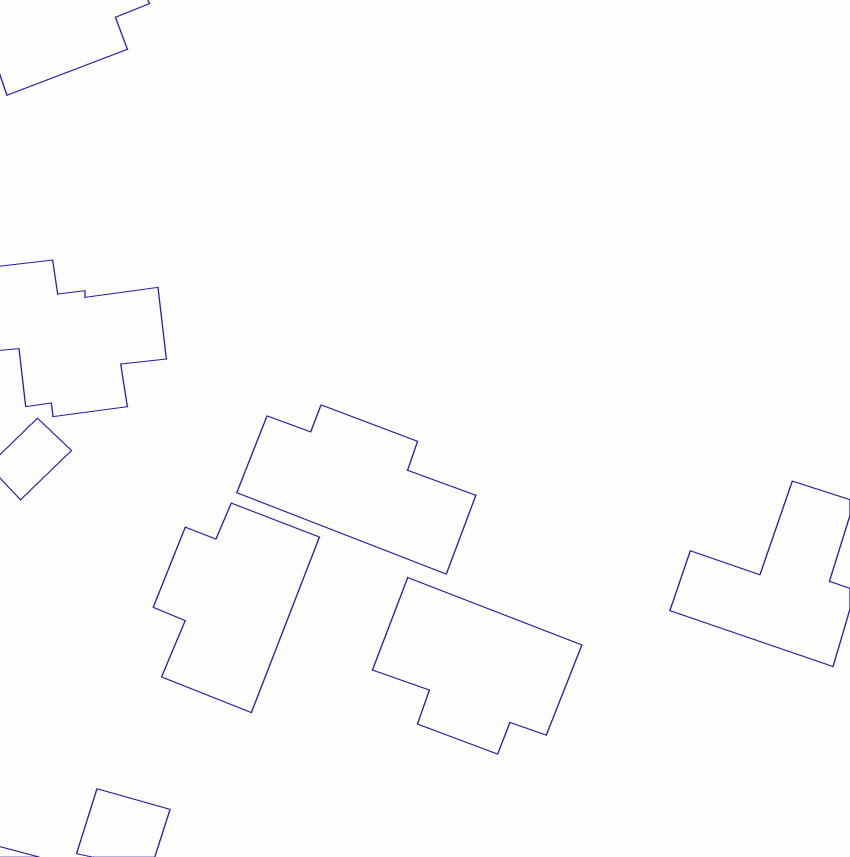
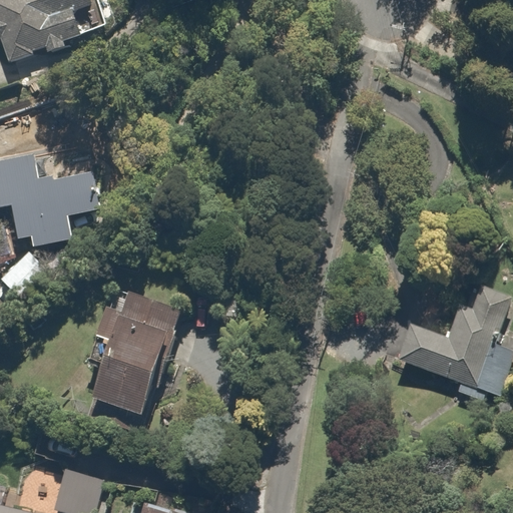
building: [237,405,476,574] -> none
building: [372,577,582,754] -> none

